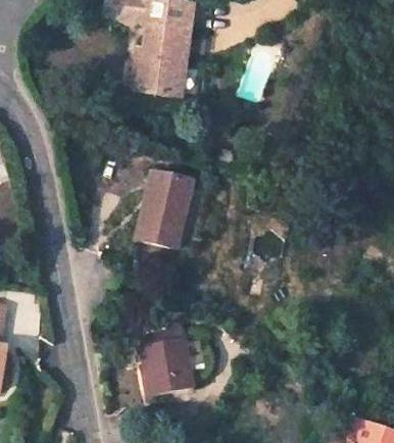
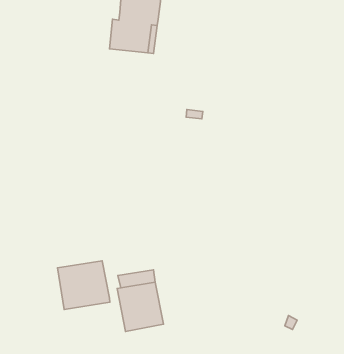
building: [137,174,192,249] -> none
building: none -> [57,261,110,309]

